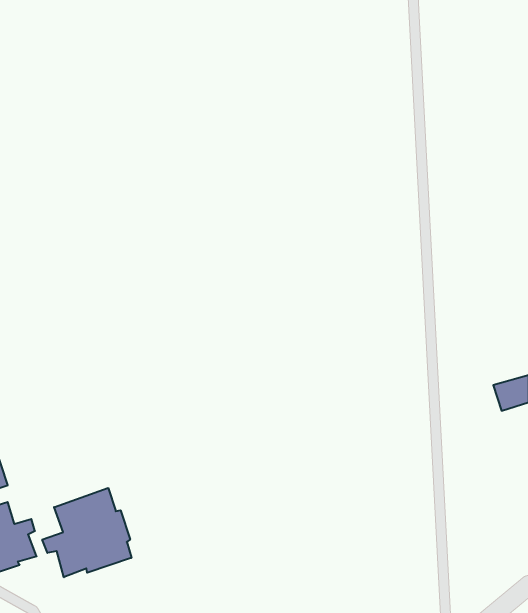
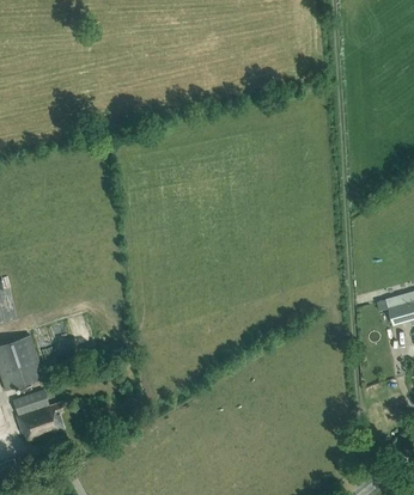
building: [42,488,131,577] -> none

